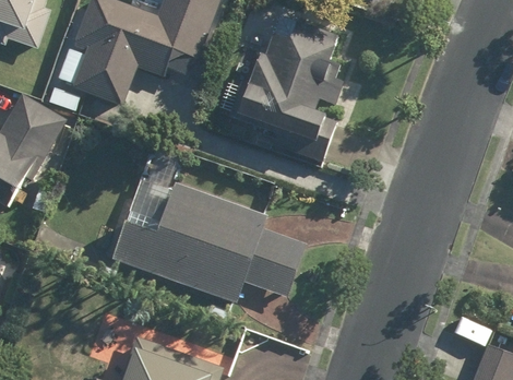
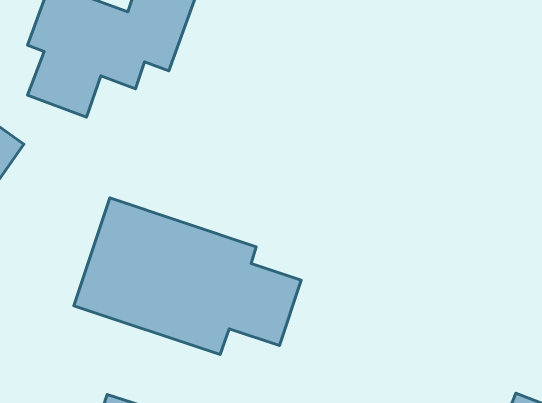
building: [212,21,336,166] -> none

